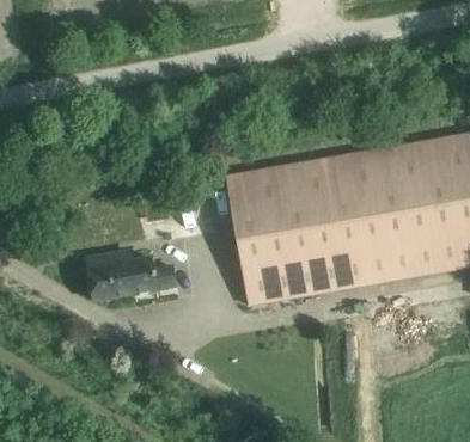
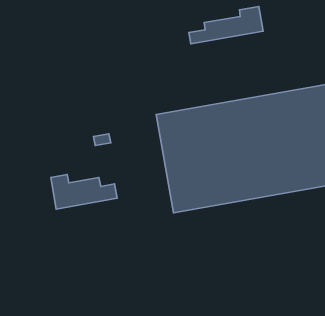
building: none -> [189,6,263,44]

